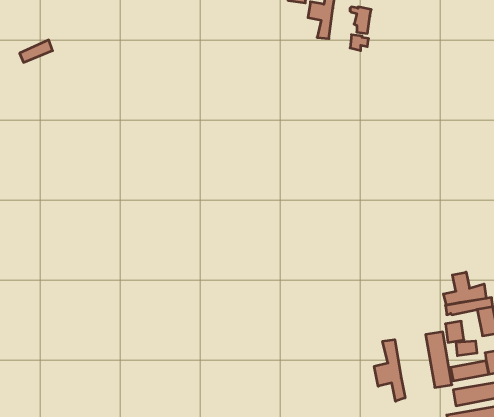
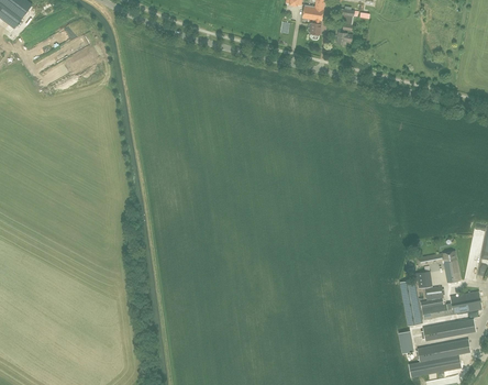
building: [443,272,486,305] -> none
building: [374,340,405,401] -> none

